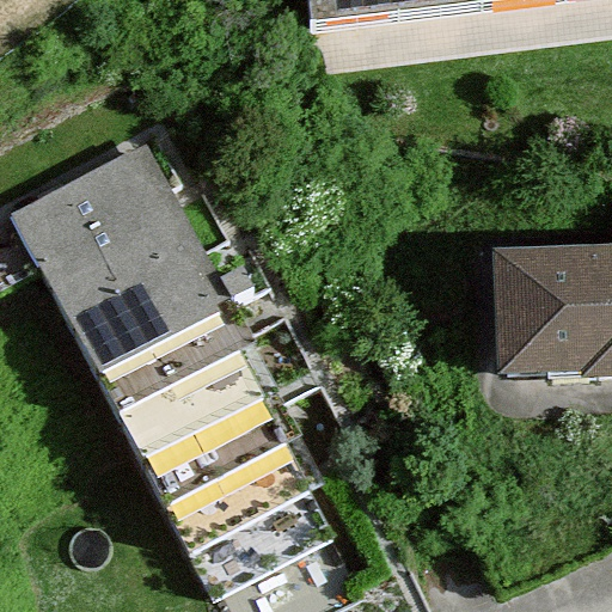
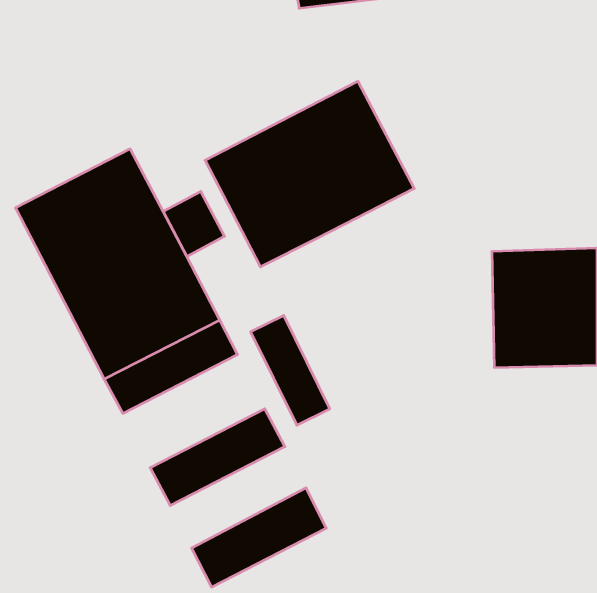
building: none -> [205,81,414,267]
building: [124,359,268,473] -> none
building: [172,452,310,555] -> none

